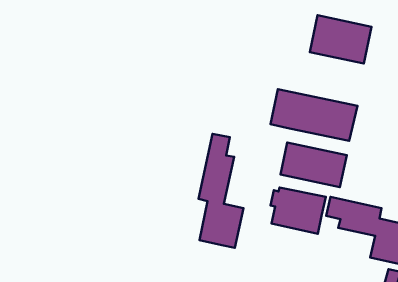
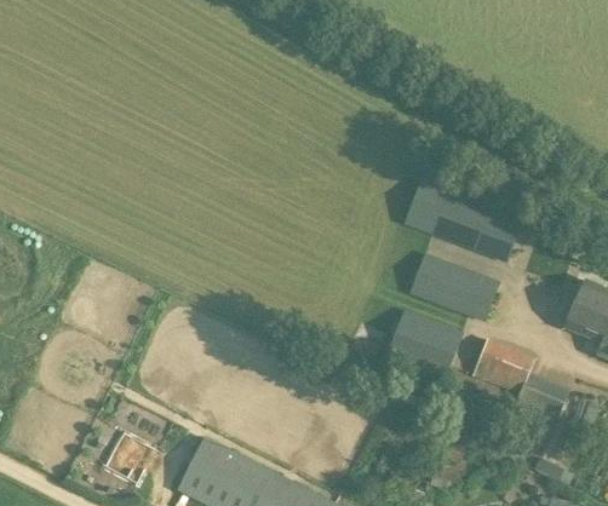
building: [310,15,372,64] -> none
building: [198,134,243,248] -> none

